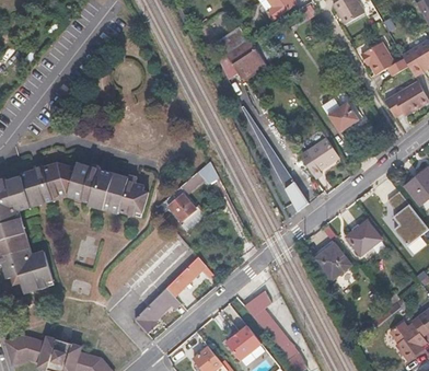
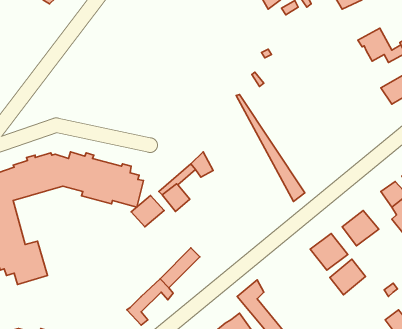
building: [222,42,265,82] -> none
building: [323,97,358,130] -> none
building: [301,138,340,178] -> none
building: none -> [131,196,164,227]
building: none -> [330,259,365,295]

